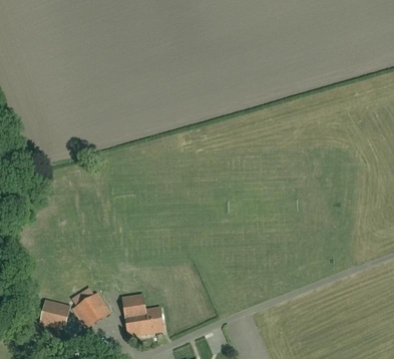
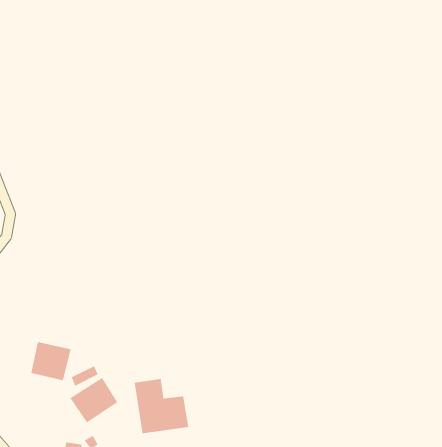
building: [39,300,70,330] -> [31,341,71,381]

